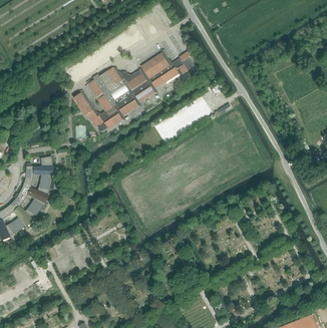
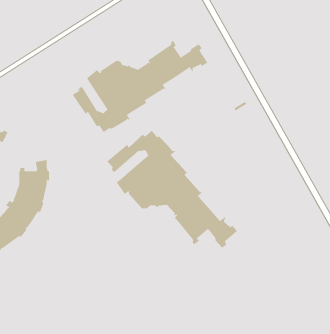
building: none -> [107,130,238,249]

